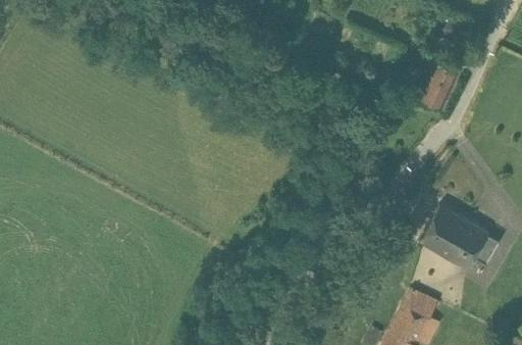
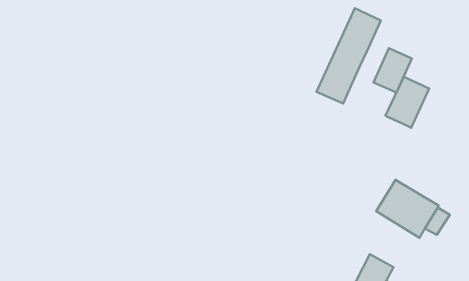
building: none -> [316,8,381,103]
building: none -> [385,77,429,128]

